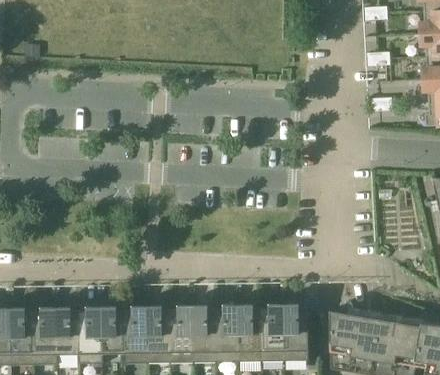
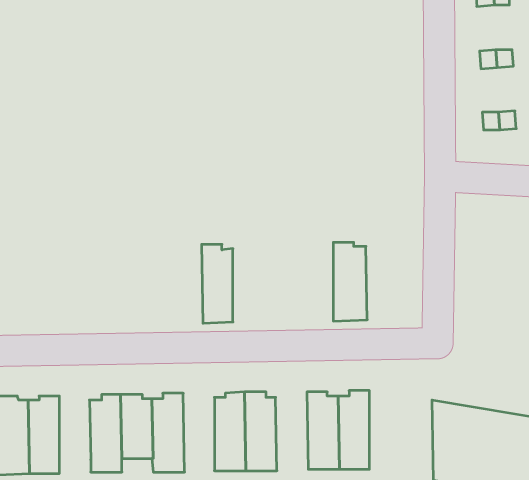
building: [284,303,309,361] -> [333,242,367,321]
building: [215,304,239,362] -> none
building: [147,305,170,363] -> [202,244,233,323]
building: [56,306,79,354] -> none

